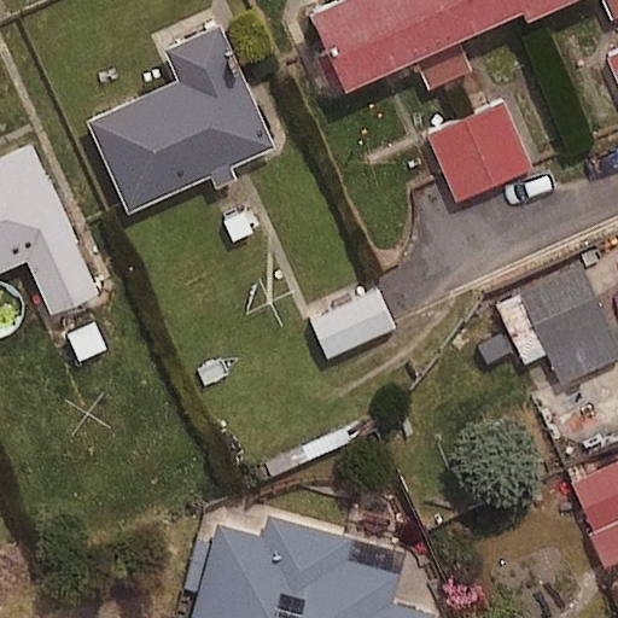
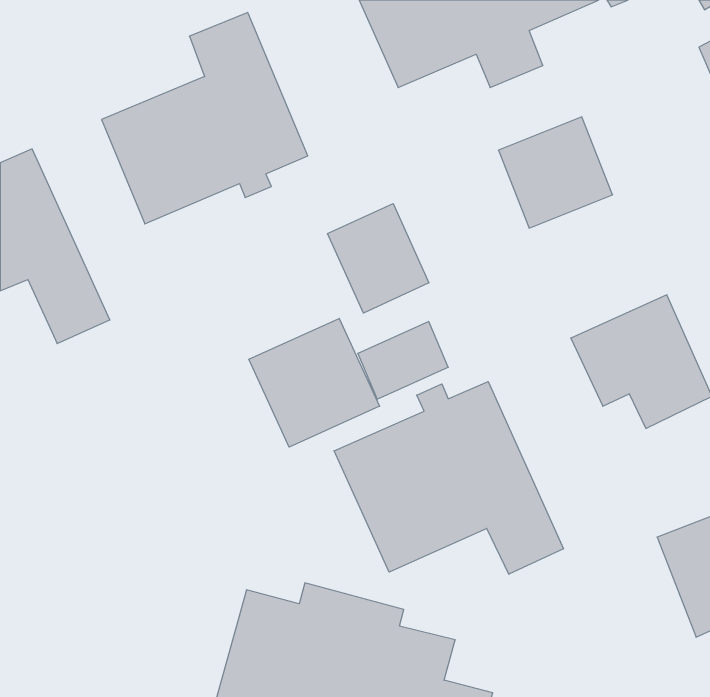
building: none -> [328,204,429,313]
building: none -> [249,318,380,447]
building: none -> [334,382,564,574]

